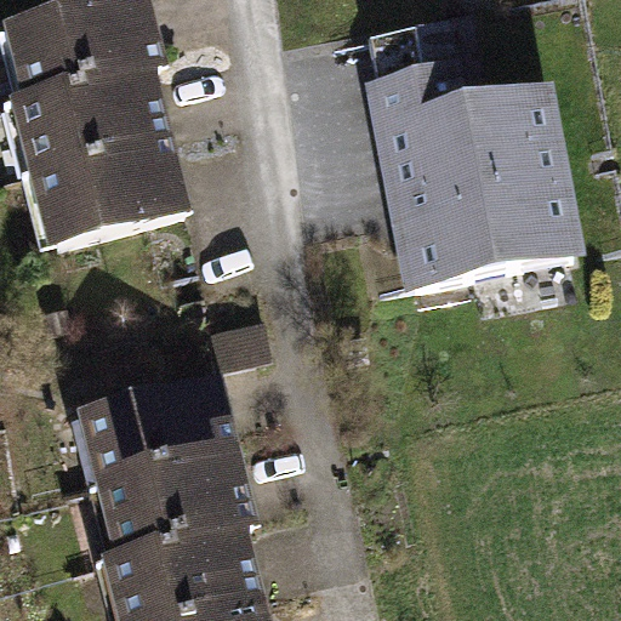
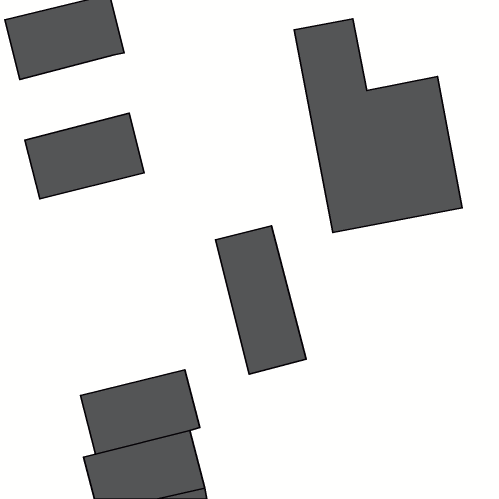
building: [12,67,158,171] -> none
building: none -> [215,226,306,374]
building: [80,380,226,483] -> none

